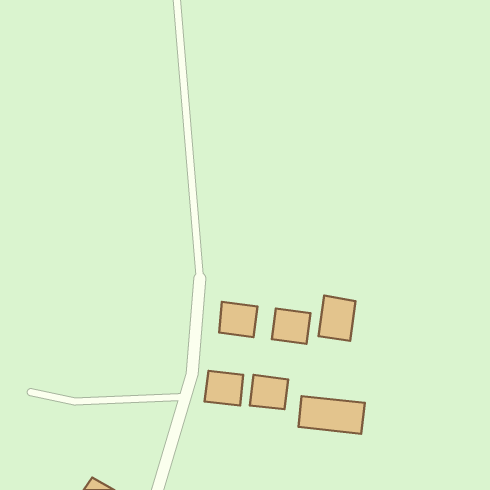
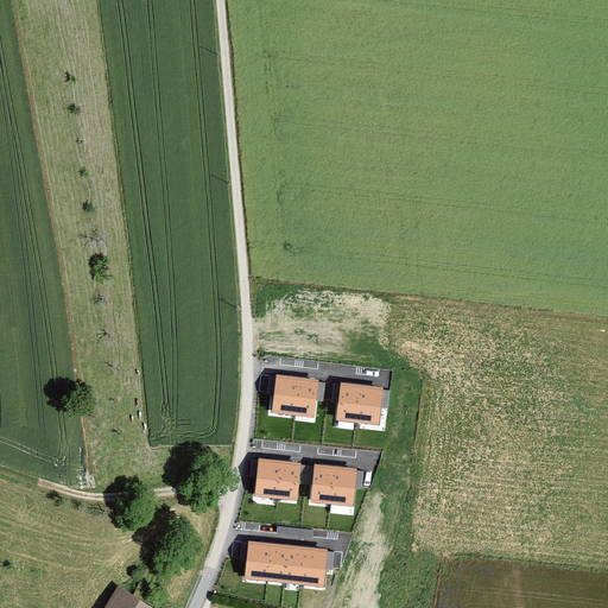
building: [319,295,356,341] -> none
building: [299,396,365,434] -> [246,539,328,585]

